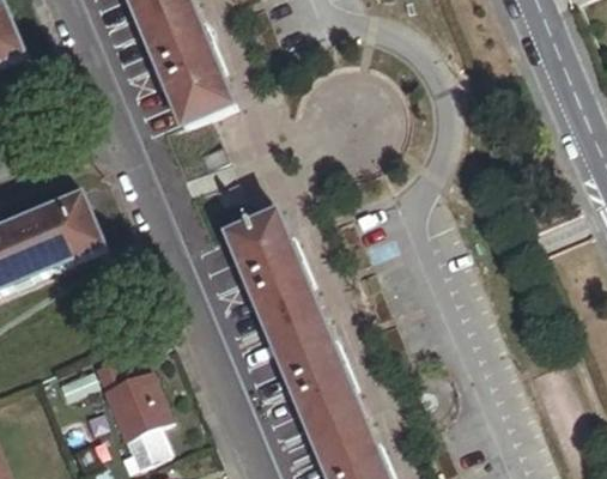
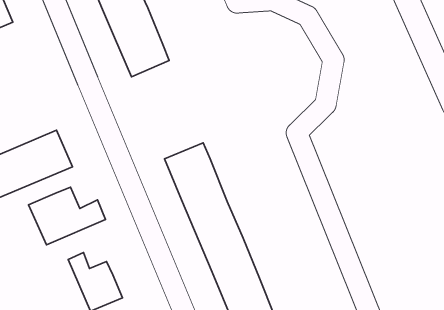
building: none -> [29,187,105,245]

